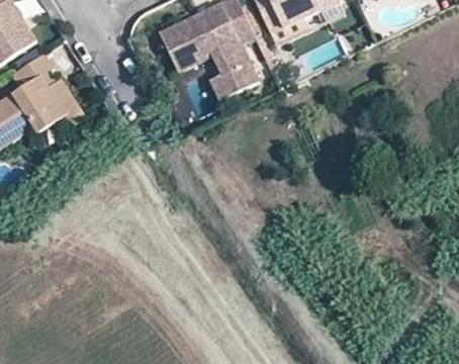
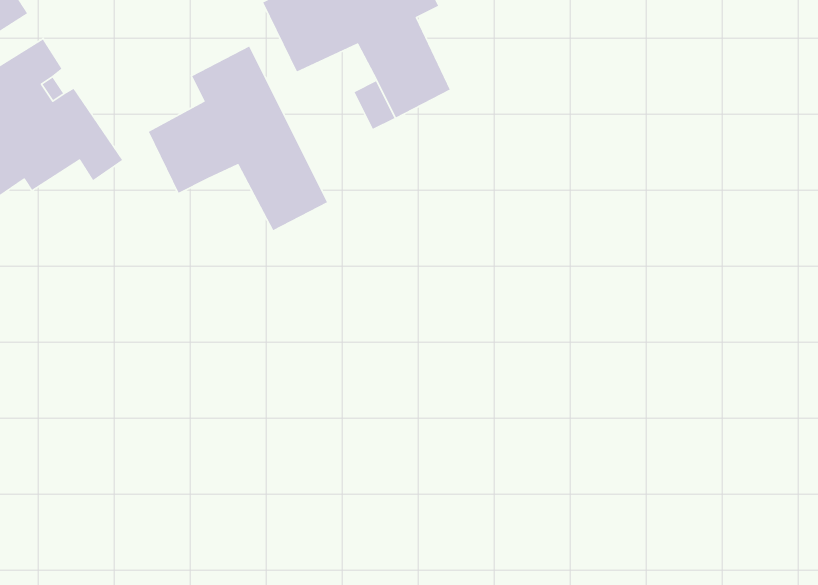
building: none -> [148,46,328,231]

